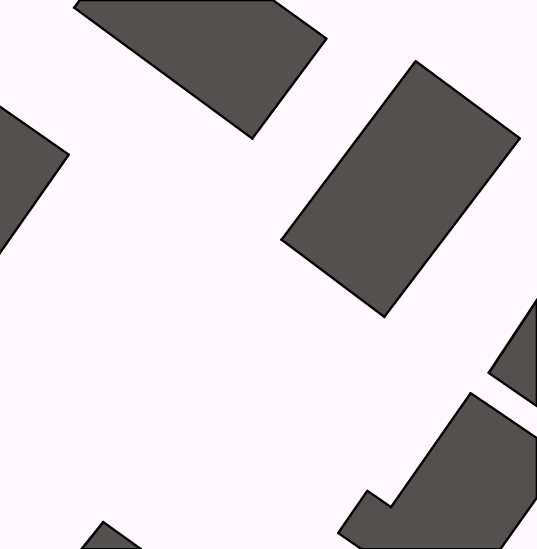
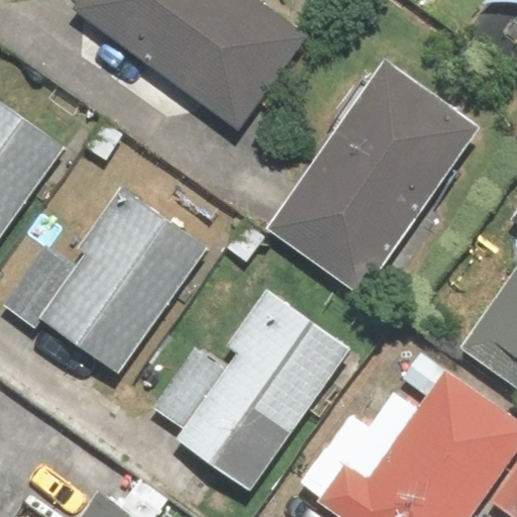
building: none -> [5,185,208,376]
building: none -> [149,287,353,486]

